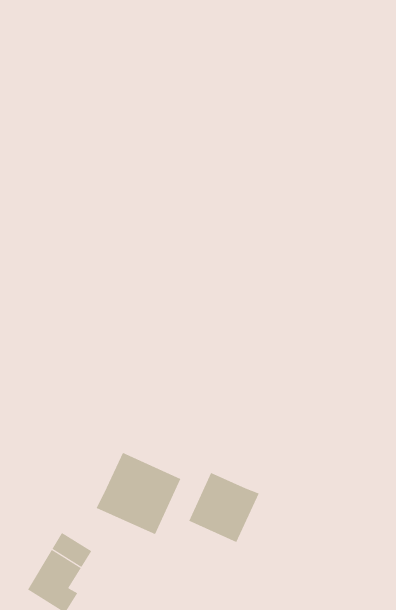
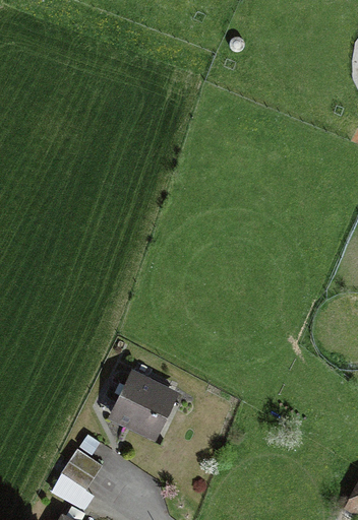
building: [189,472,260,543] -> none

